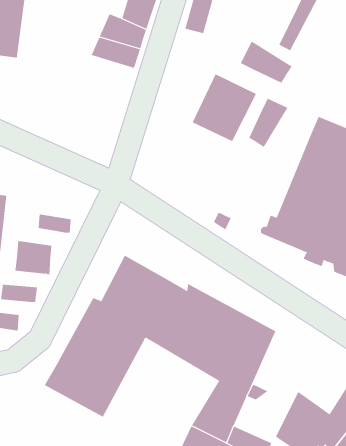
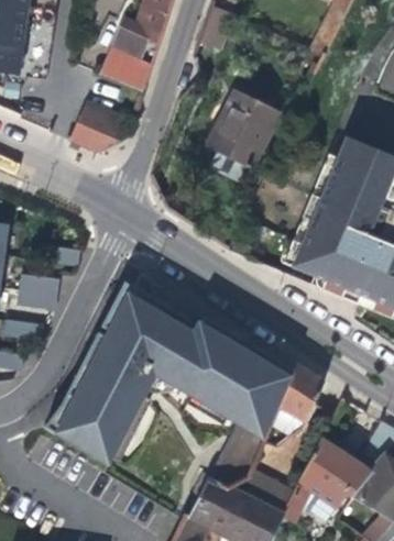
building: [240,40,292,84] -> none
building: none -> [68,99,138,152]
building: [248,98,288,148] -> none
building: none -> [281,365,325,422]

